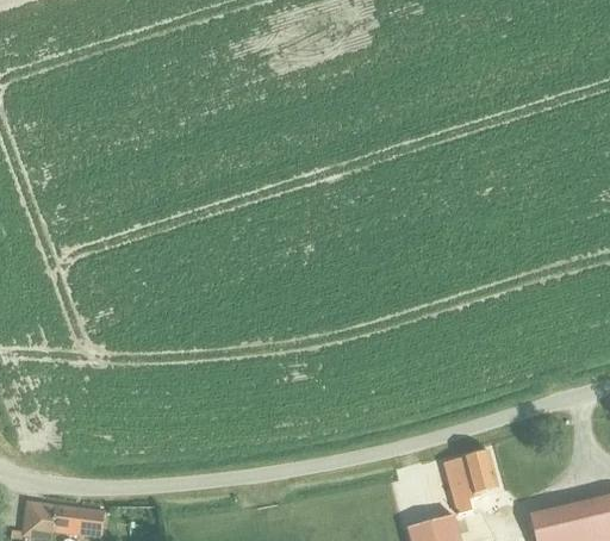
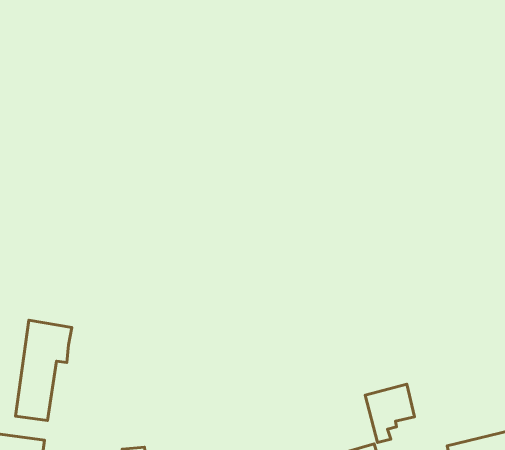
building: none -> [16,320,72,421]

